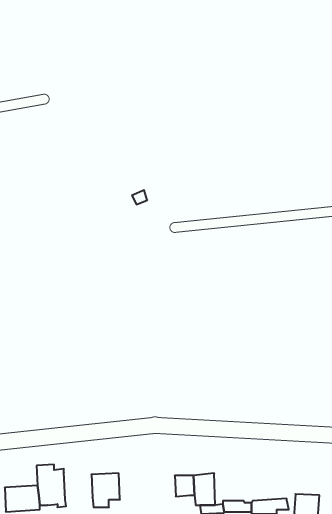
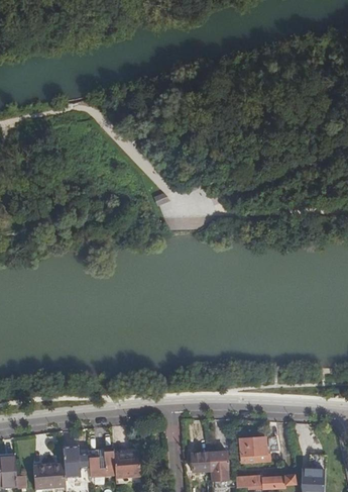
building: none -> [240,438,270,462]
building: none -> [89,448,115,475]

